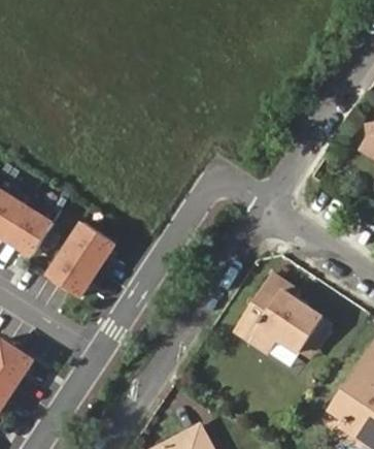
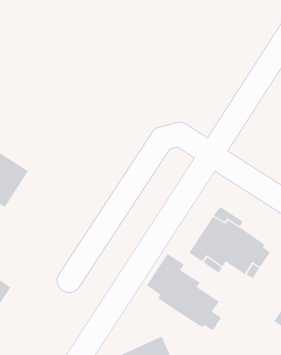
building: [42,228,110,303] -> none
building: none -> [146,253,222,331]

